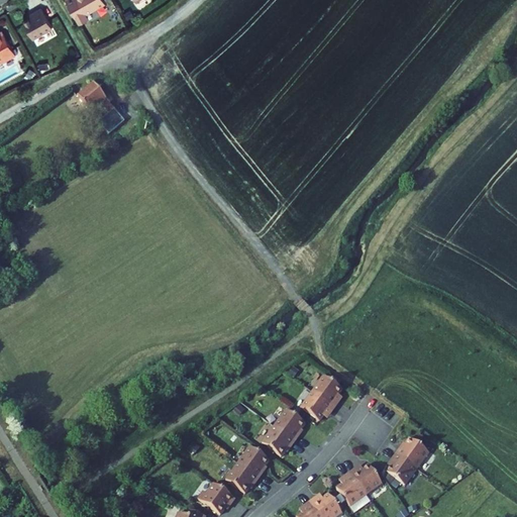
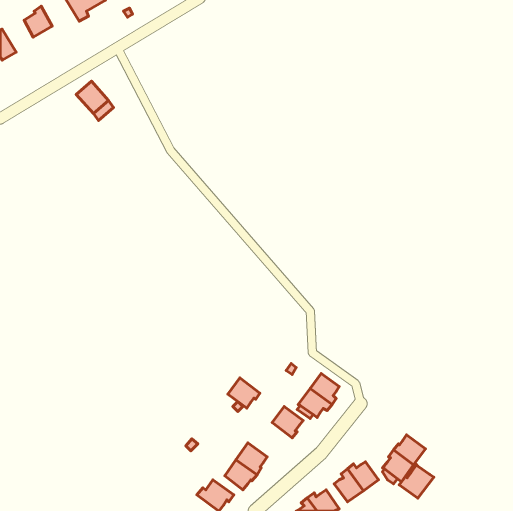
building: [262,425,294,455] -> [228,378,260,408]
building: none -> [399,465,434,498]

